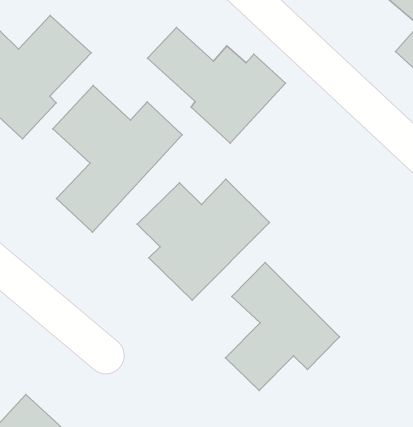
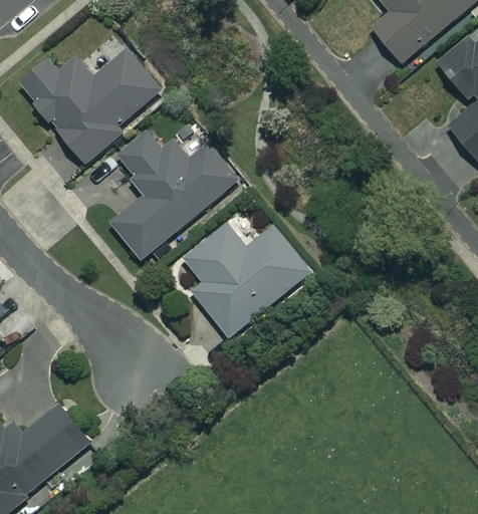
building: [147,28,285,143] -> none
building: [226,263,340,391] -> none

